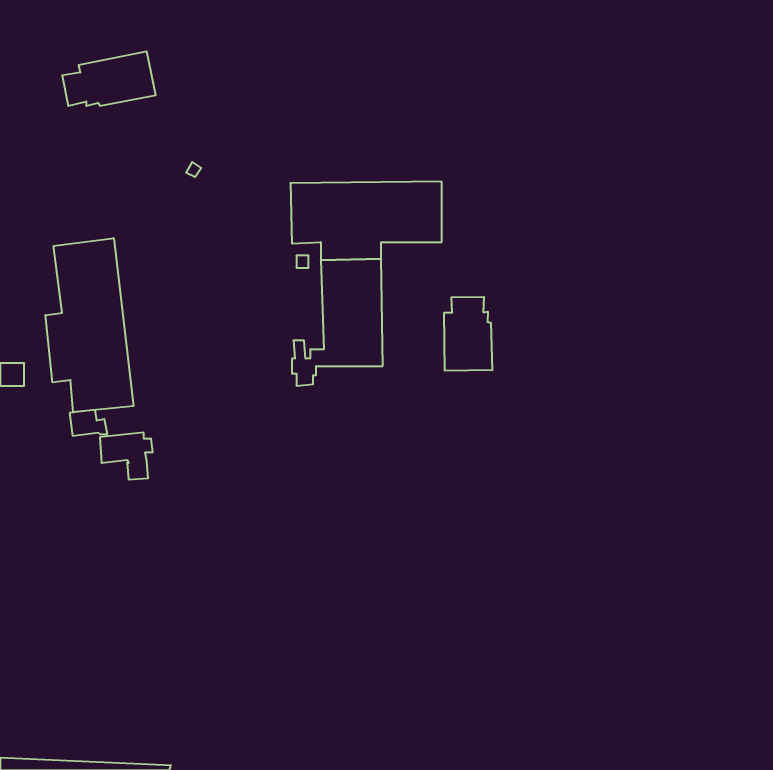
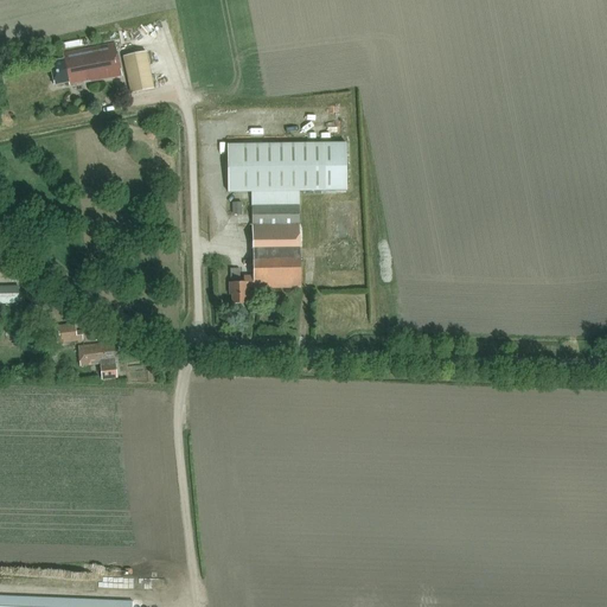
building: none -> [124,50,155,91]
building: [45,238,134,412] -> none
building: [444,297,492,371] -> none

